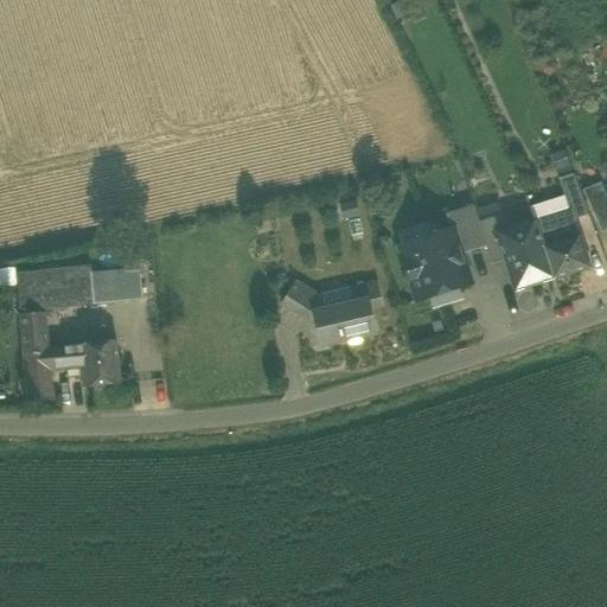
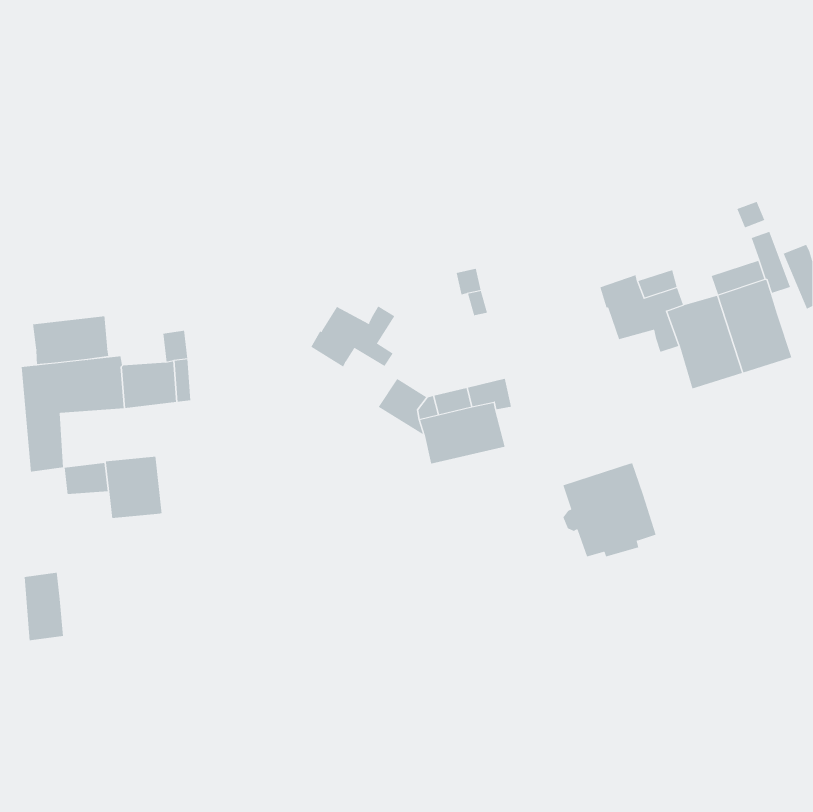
building: none -> [311,305,395,368]
building: [400,229,469,299] -> [563,463,657,557]
building: none -> [33,316,109,365]
building: [23,347,52,398] -> [24,572,64,641]

